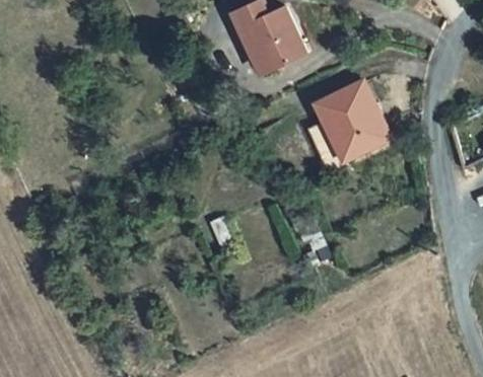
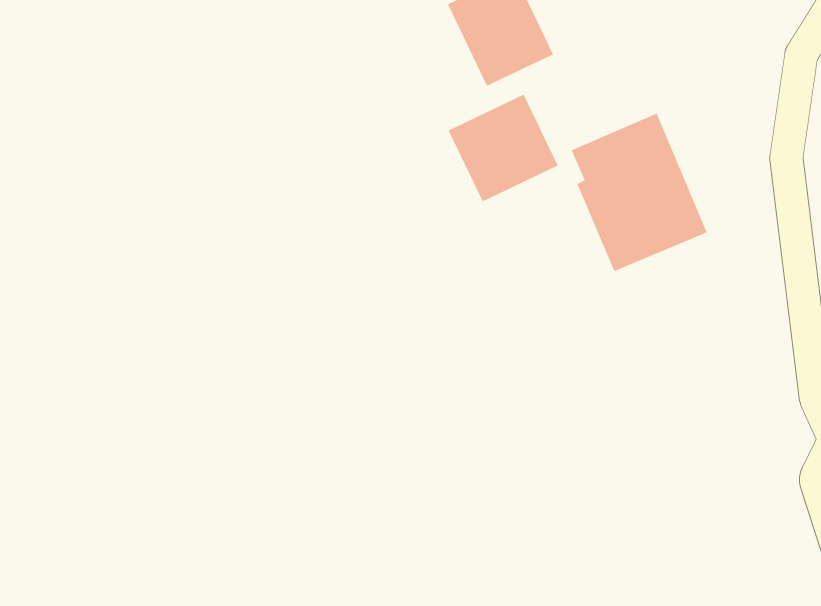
building: none -> [448,94,559,202]

